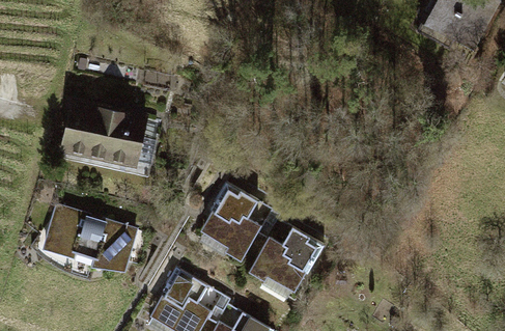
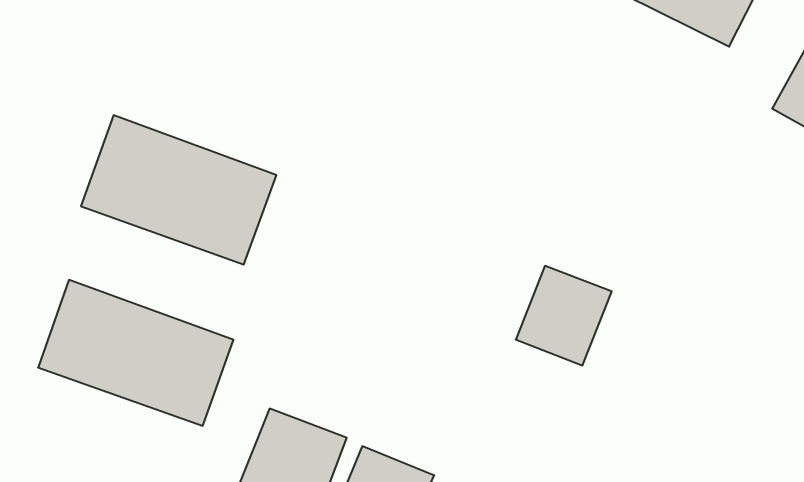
building: [215,188,277,250] -> none
building: [273,230,331,291] -> [516,266,612,365]

